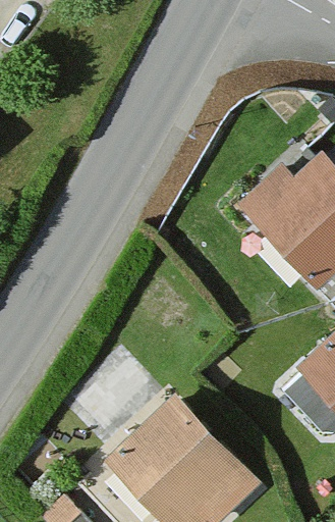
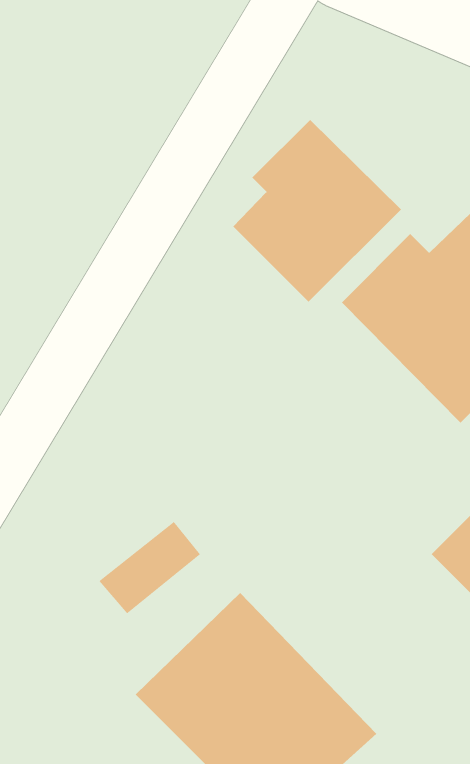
building: none -> [233,119,402,302]

